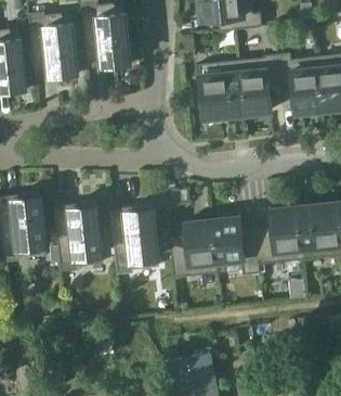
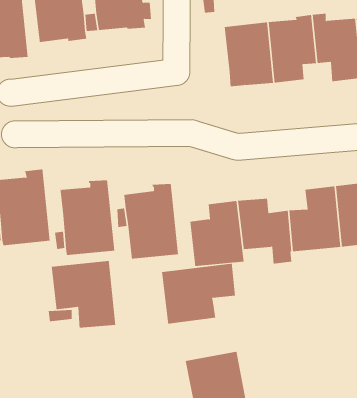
building: none -> [51,260,116,328]
building: none -> [161,263,235,324]

